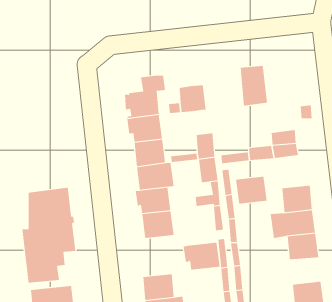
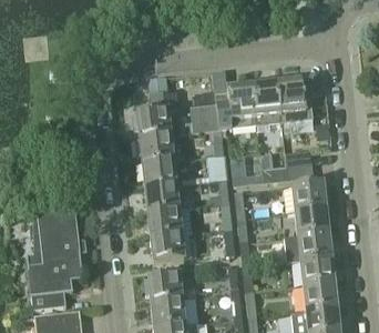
building: none -> [276,80,311,122]
building: none -> [214,85,255,130]
building: [235,176,267,204] -> [291,182,325,211]
building: [183,242,220,270] -> [143,274,182,303]
building: none -> [303,283,336,311]

